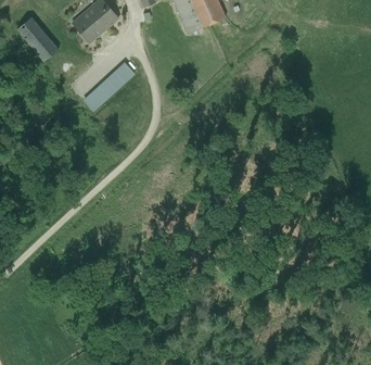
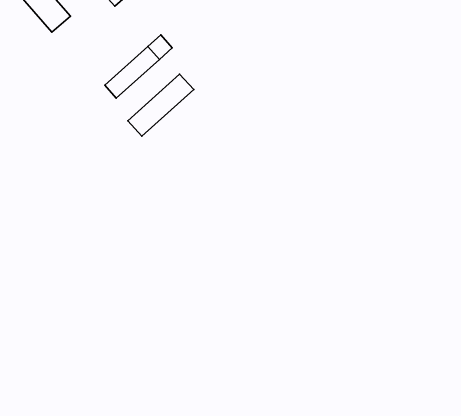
building: none -> [128,74,194,136]

